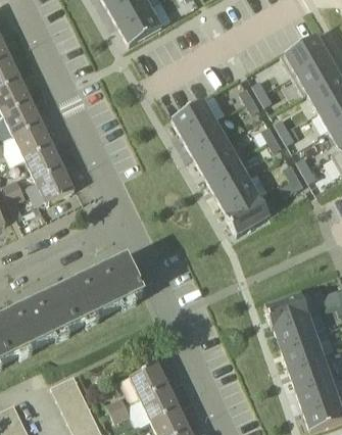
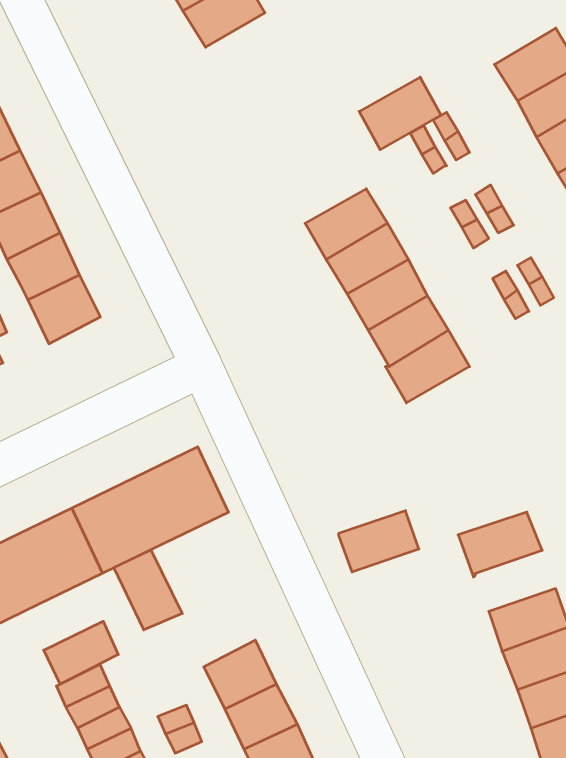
building: [172,99,215,138] -> [359,77,441,150]
building: none -> [114,550,182,630]
building: [274,312,316,345] -> [339,511,419,572]
building: none -> [44,621,118,684]

